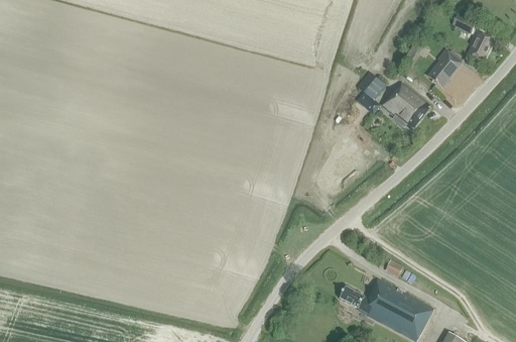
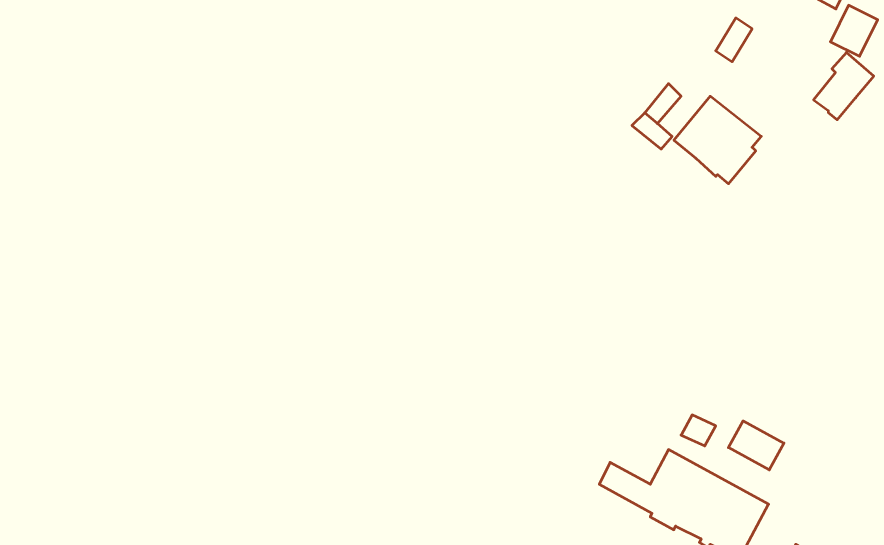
building: [428,49,462,87] -> [814,52,874,120]
building: none -> [728,421,784,470]

